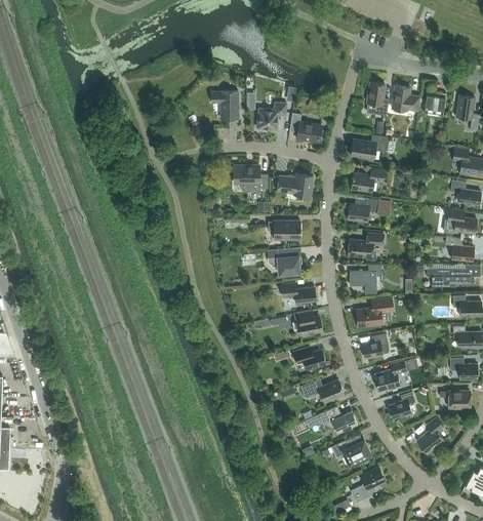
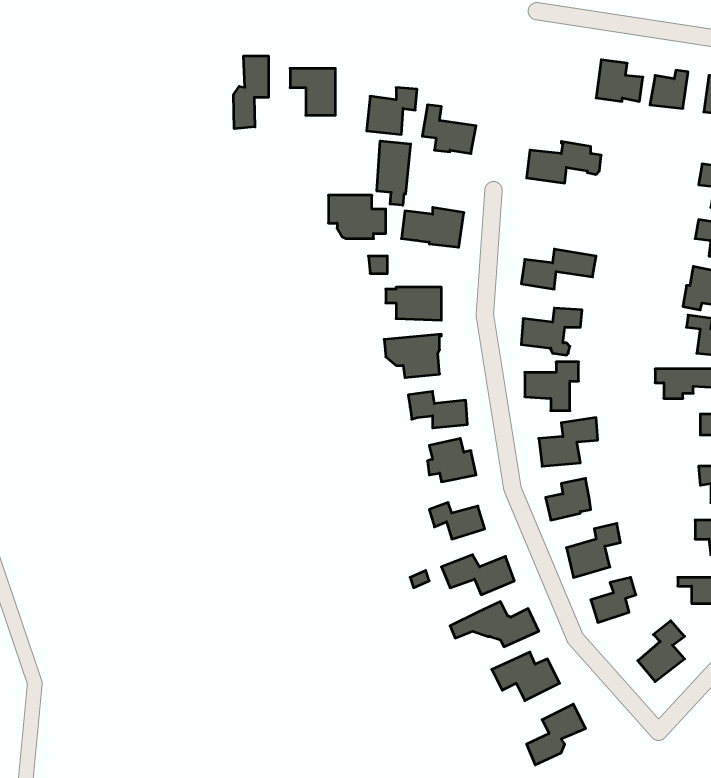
building: [366,81,389,115] -> none
building: none -> [234,56,268,129]
building: none -> [377,141,411,205]
building: [351,167,385,191] -> none

